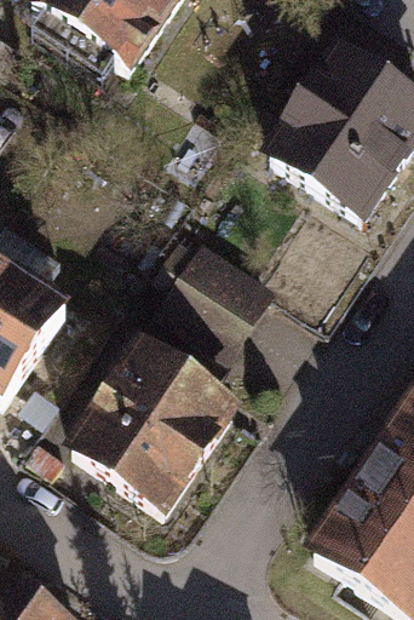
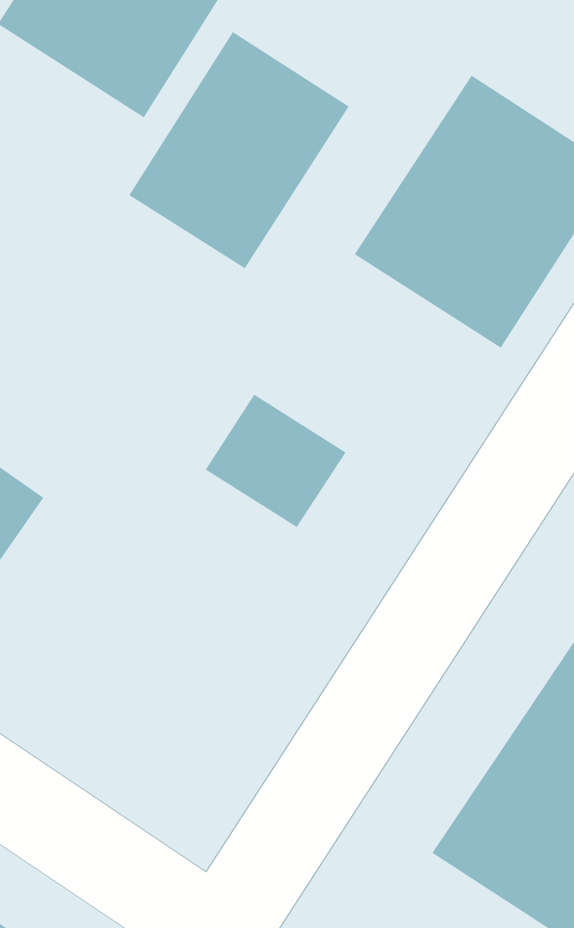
building: none -> [129,31,350,269]
building: [70,339,236,509] -> none

